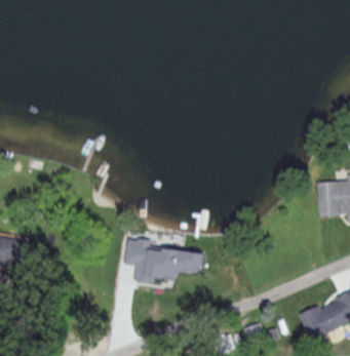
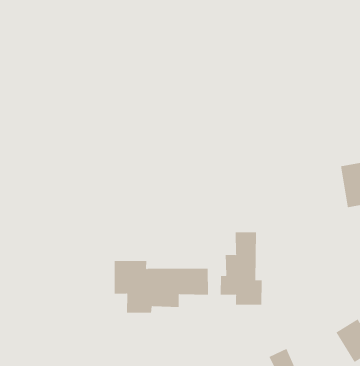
building: none -> [220,231,262,305]

